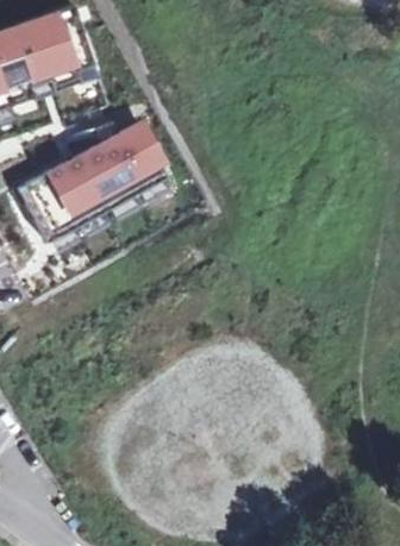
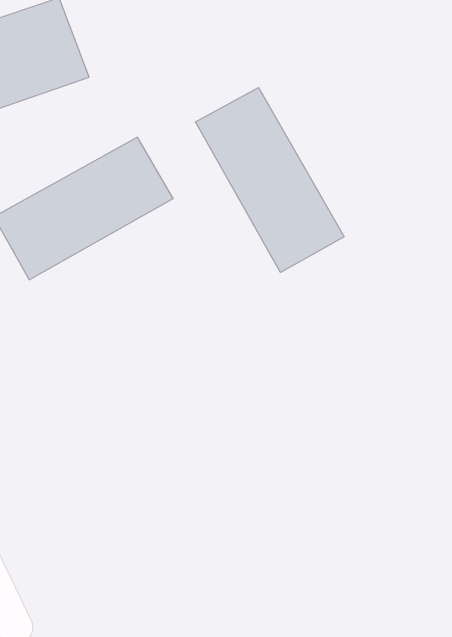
building: none -> [195,88,344,272]

